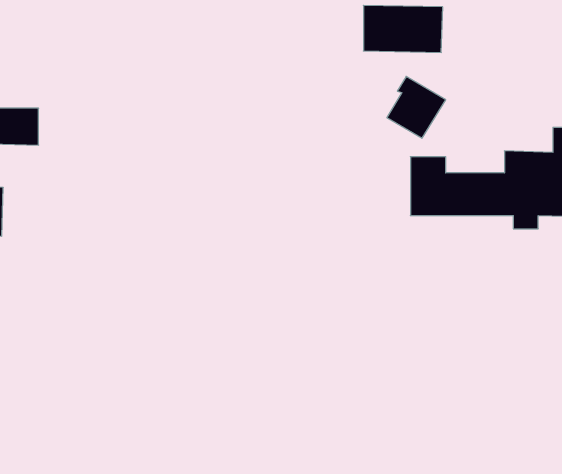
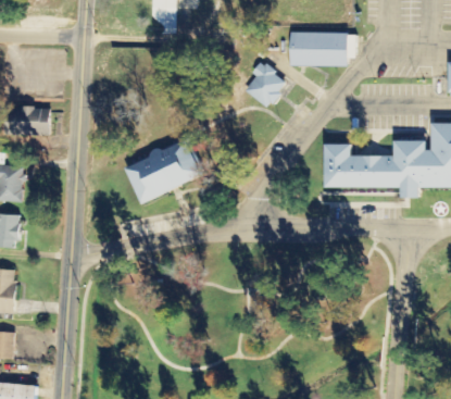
building: [387,76,446,138] -> [243,62,287,108]
building: none -> [125,139,202,202]

